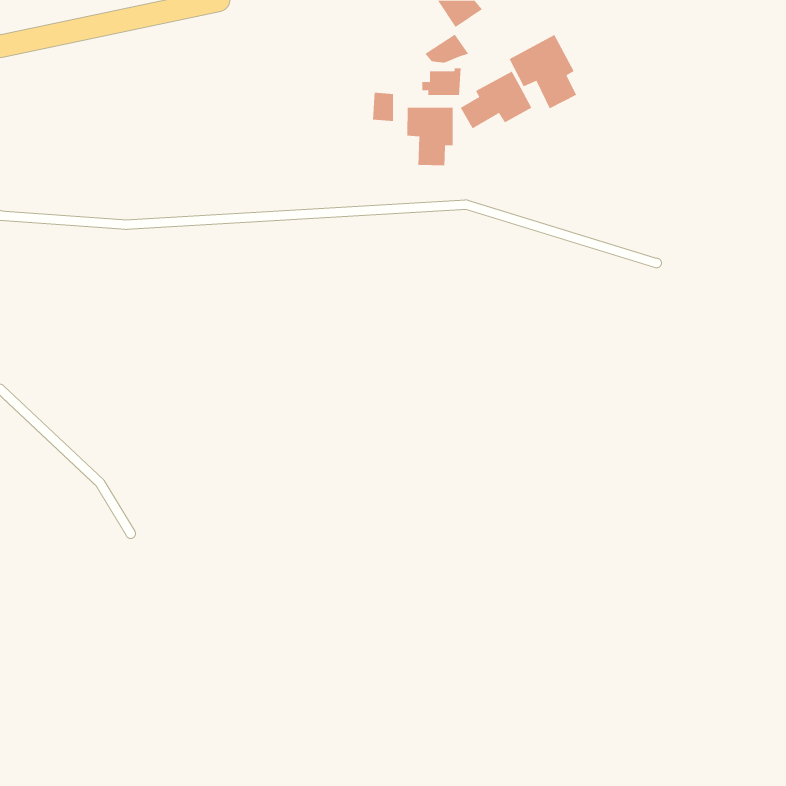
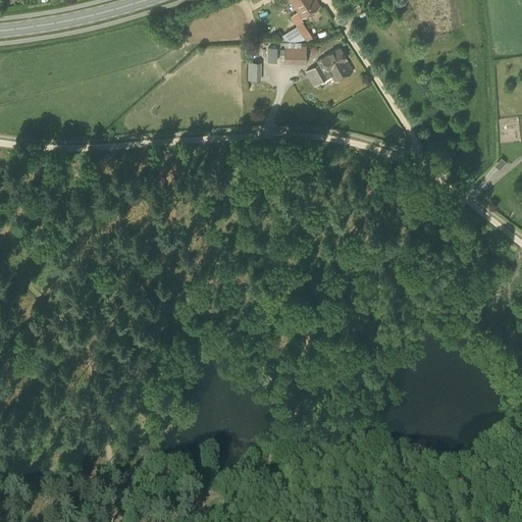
building: [509,34,577,109] -> none
building: [407,107,453,166] -> none

